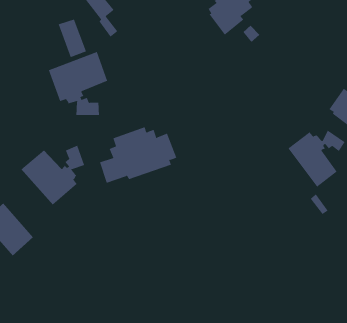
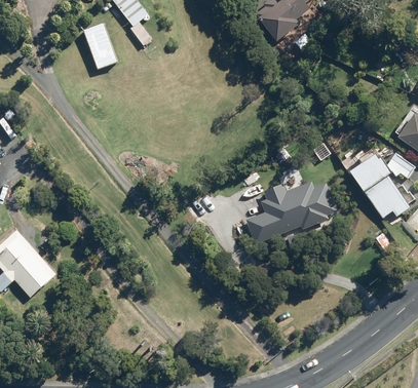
building: [48,51,108,116] -> none
building: [99,127,177,183] -> [249,176,339,241]
building: [21,145,85,206] -> none

